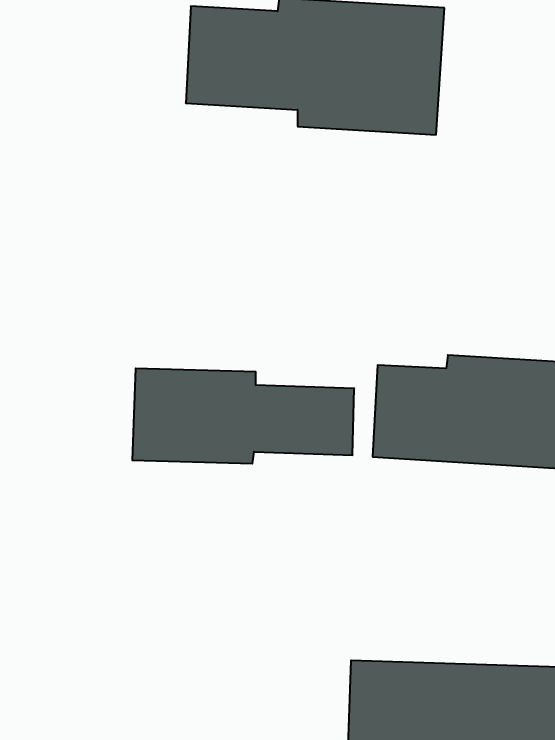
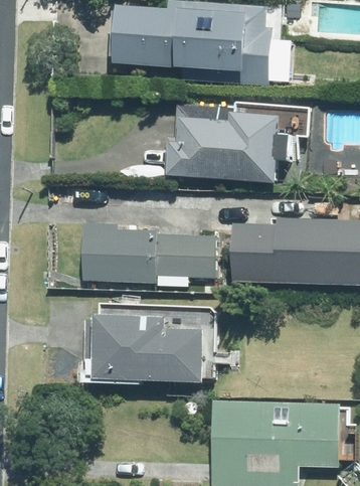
building: none -> [164,104,297,185]
building: none -> [81,304,217,385]

